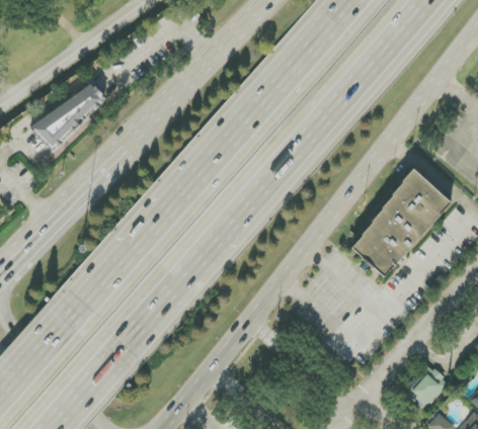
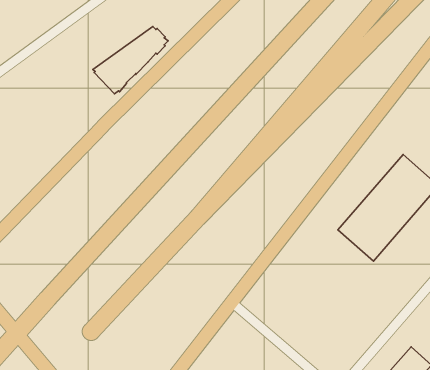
building: [29,80,104,147] -> [93,27,168,94]

